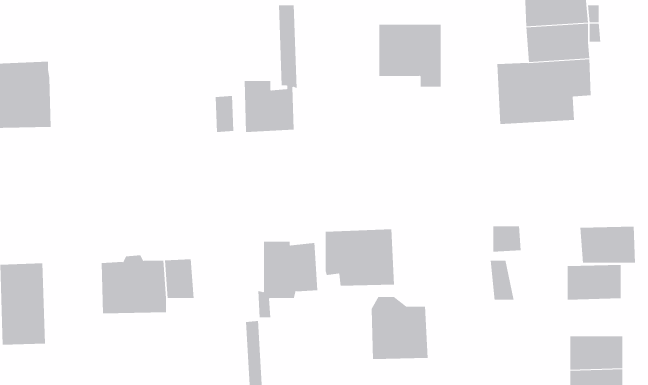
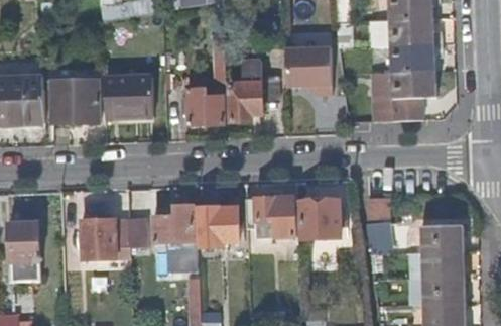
building: none -> [228,57,281,123]
building: none -> [104,75,153,117]
building: none -> [42,77,97,122]
building: [579,226,636,263] -> [422,248,464,276]
building: none -> [152,205,196,243]
building: [371,297,429,360] -> [298,193,341,239]

